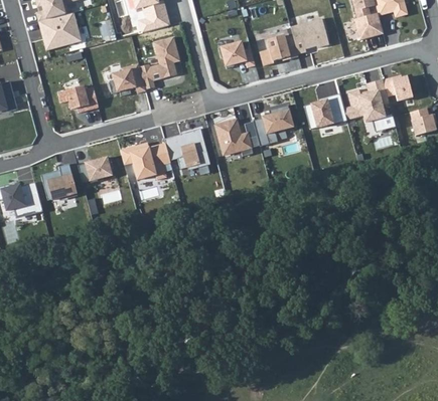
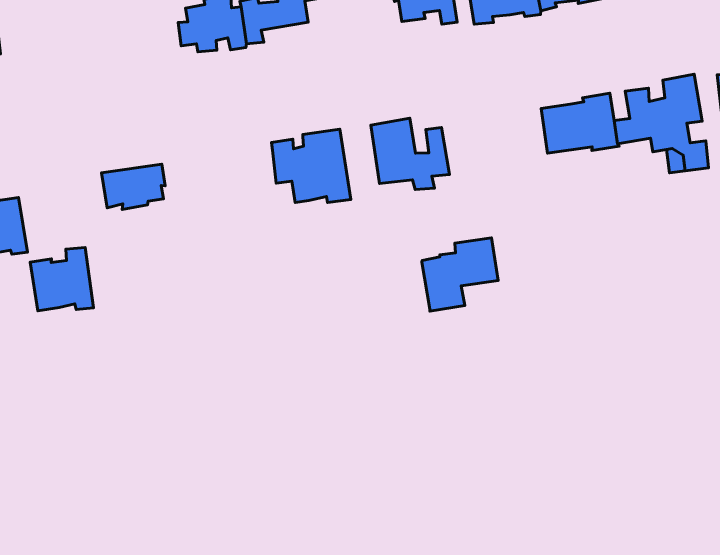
building: [57,86,98,113] -> none
building: [253,105,294,147] -> [422,238,498,311]
building: [120,144,170,180] -> none
building: [40,165,77,201] -> [30,247,94,311]

